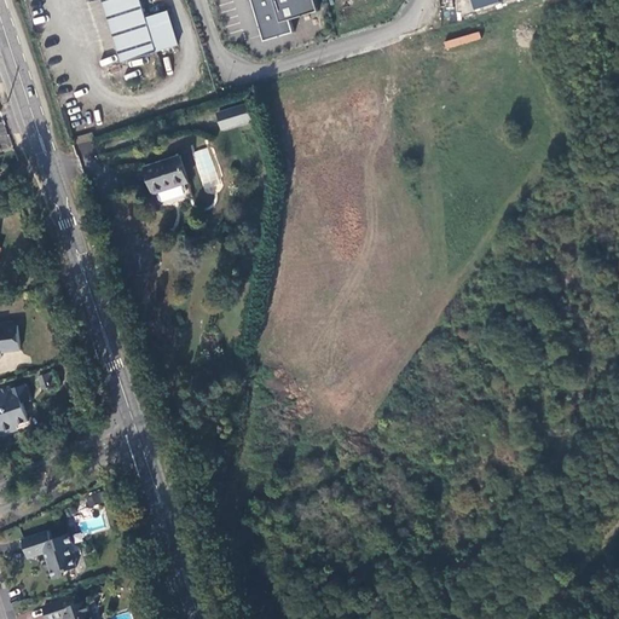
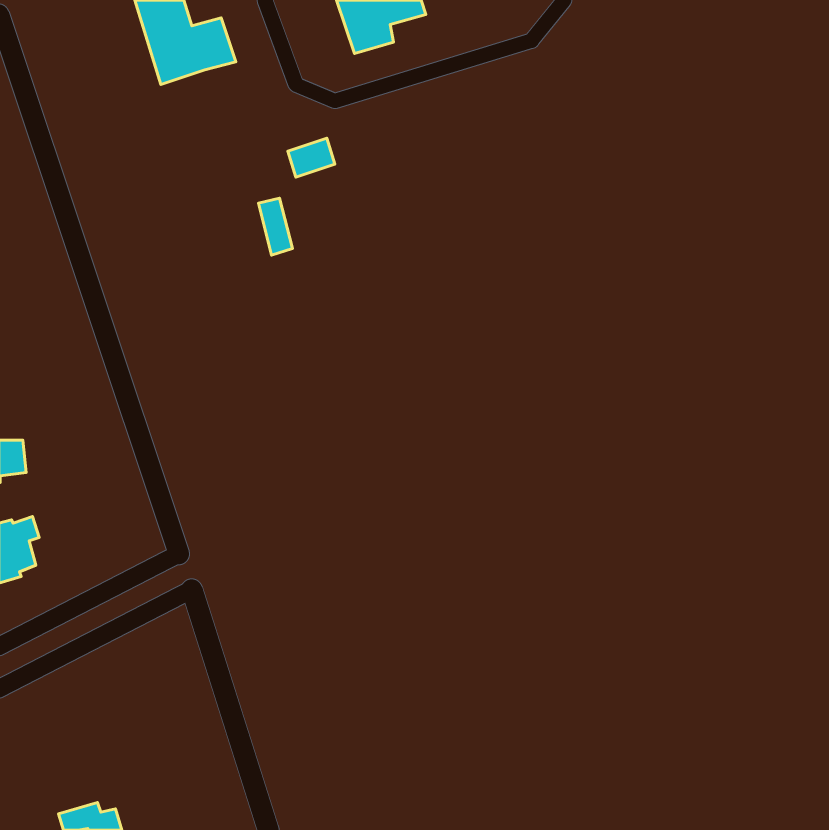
building: [139,156,189,204] -> none
building: [22,530,76,577] -> none

